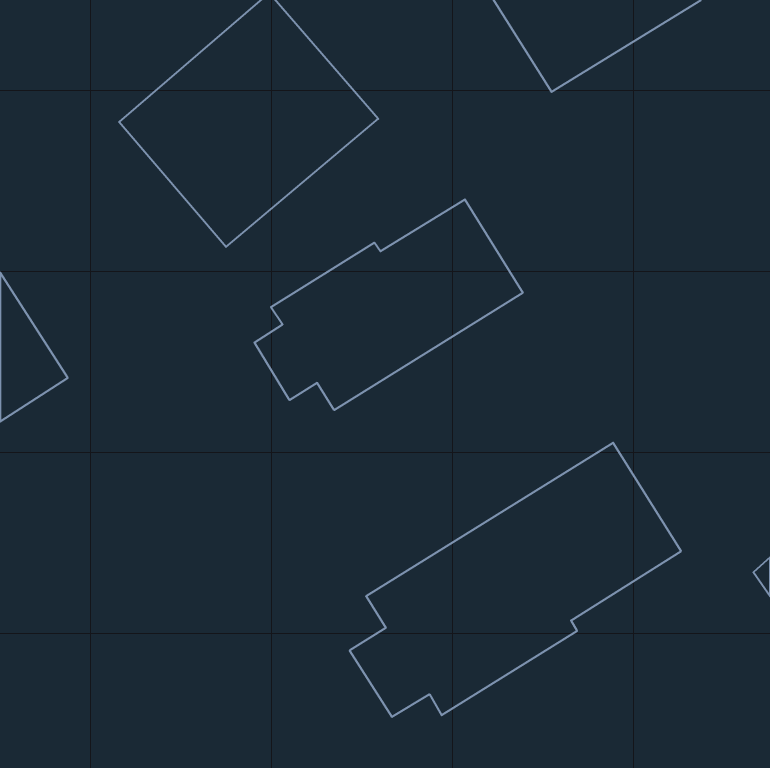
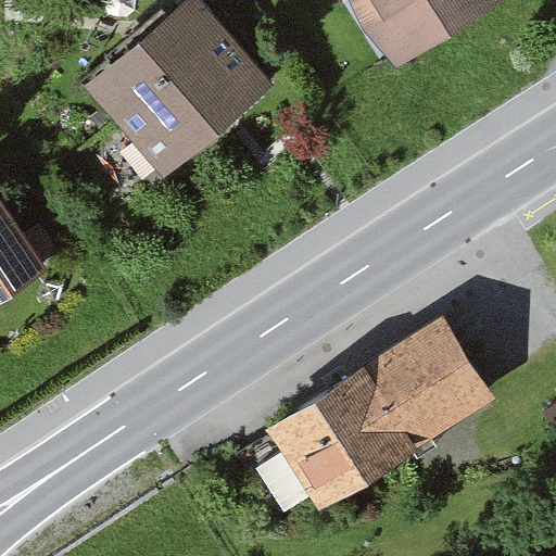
building: [254,199,523,410] -> none

